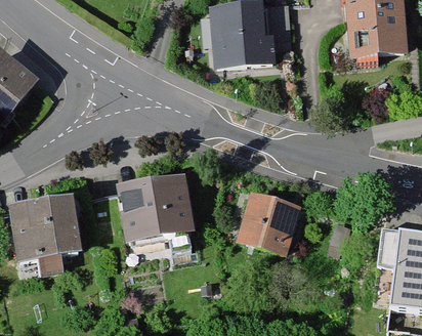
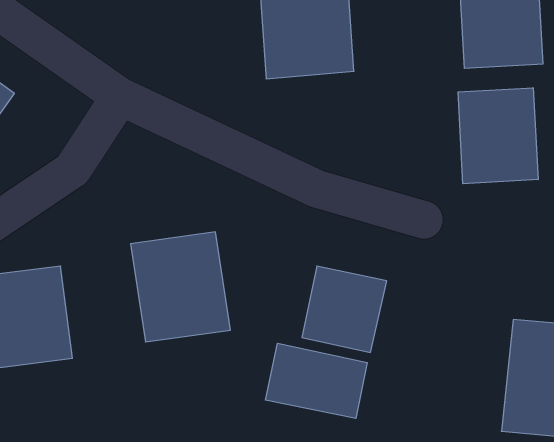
building: none -> [458,88,538,184]
building: none -> [265,343,367,418]

